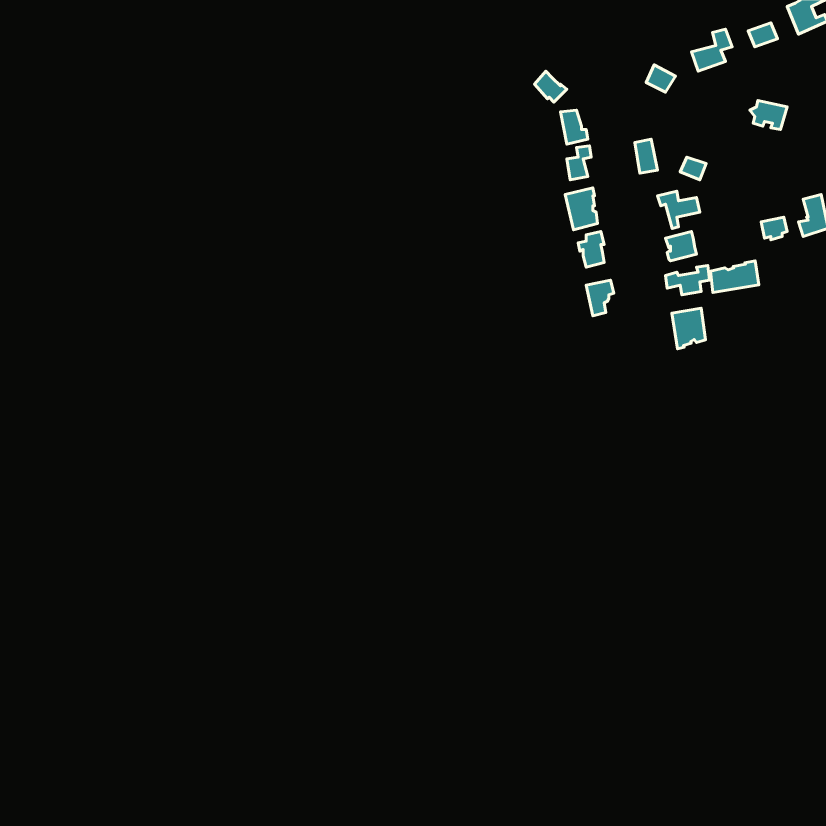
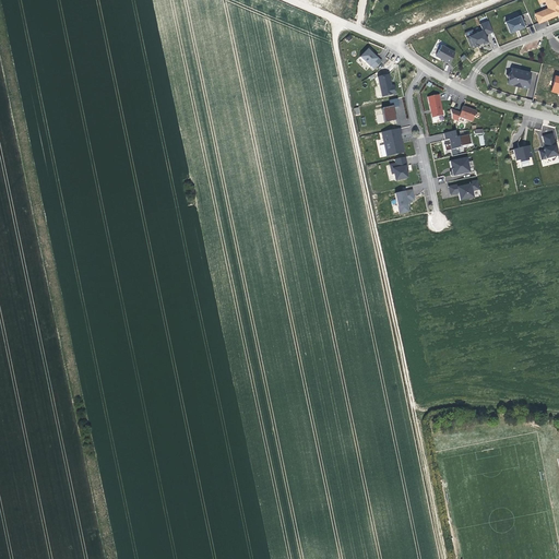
building: [711,261,759,292] -> none
building: [672,308,706,349] -> none

